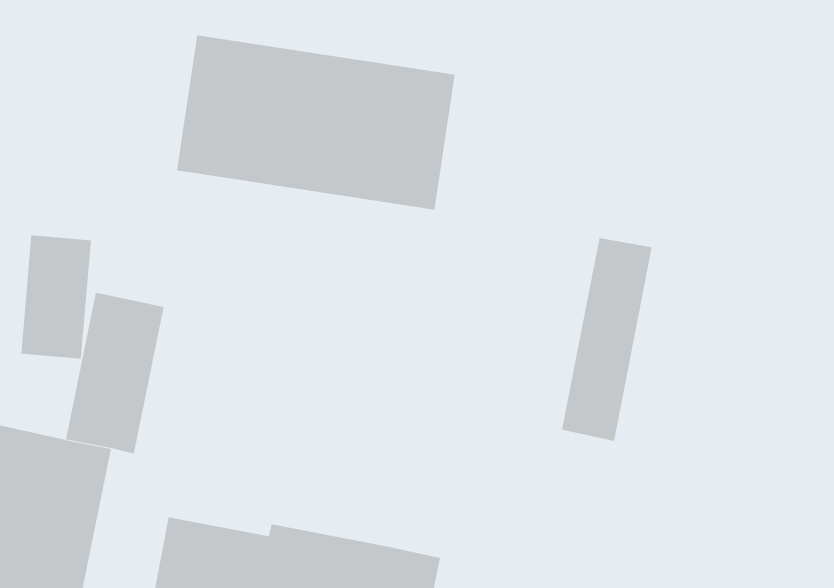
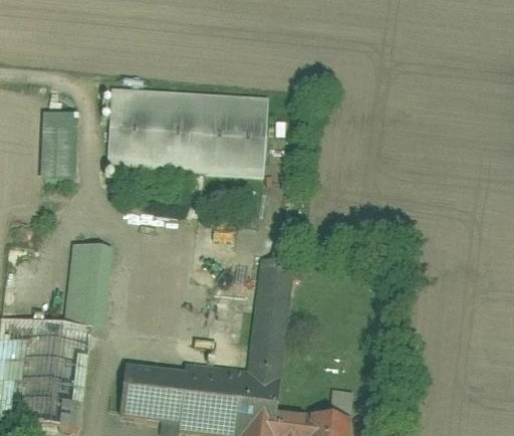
building: [20,235,92,359] -> [48,113,83,181]
building: [561,237,652,441] -> [249,258,292,374]

